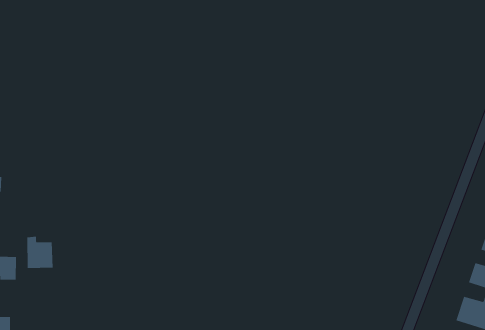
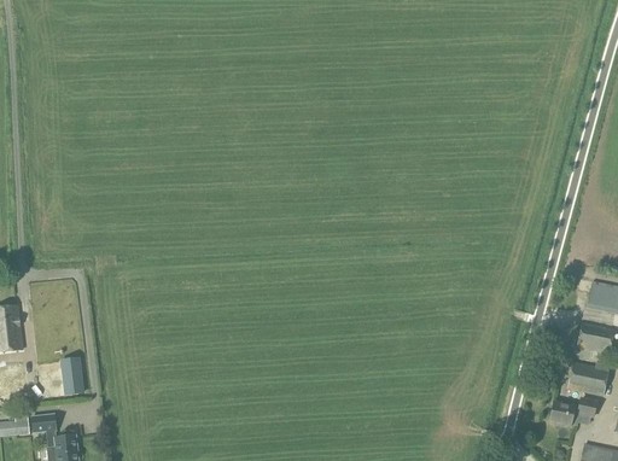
building: [27,236,53,269] -> none

